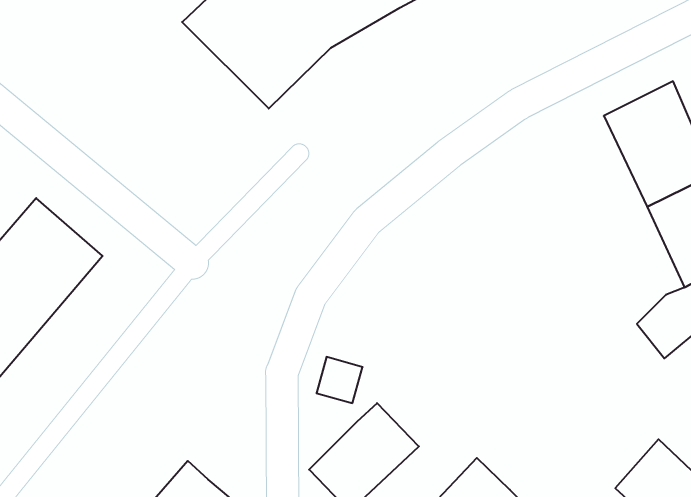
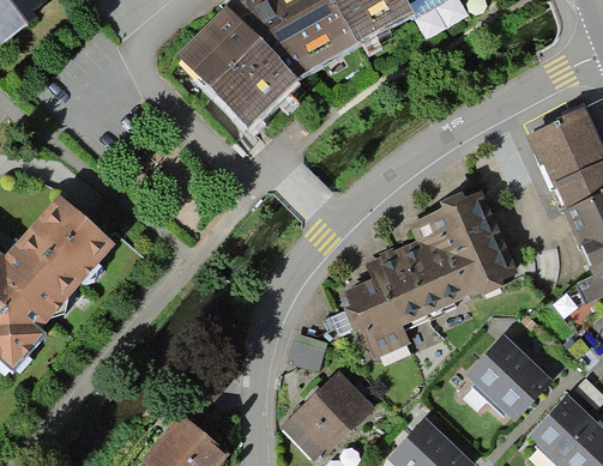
building: none -> [343,194,517,359]
building: none -> [471,340,555,424]

